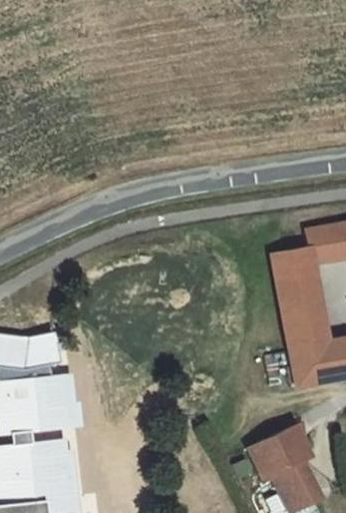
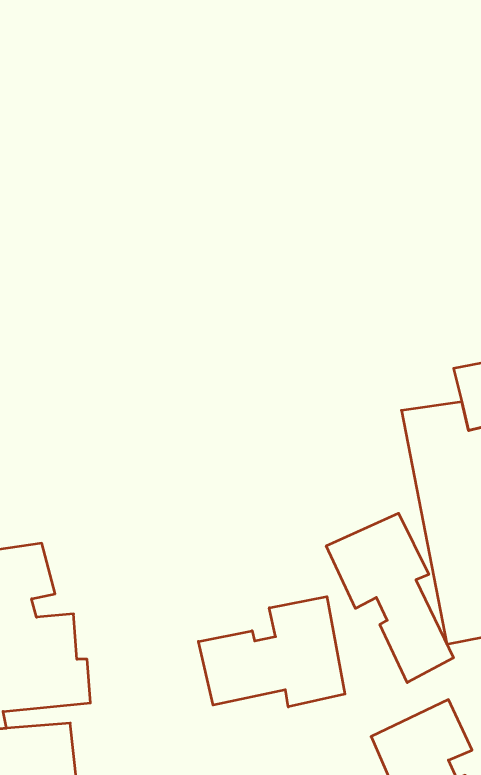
building: none -> [326,513,453,683]
building: none -> [198,597,345,707]

